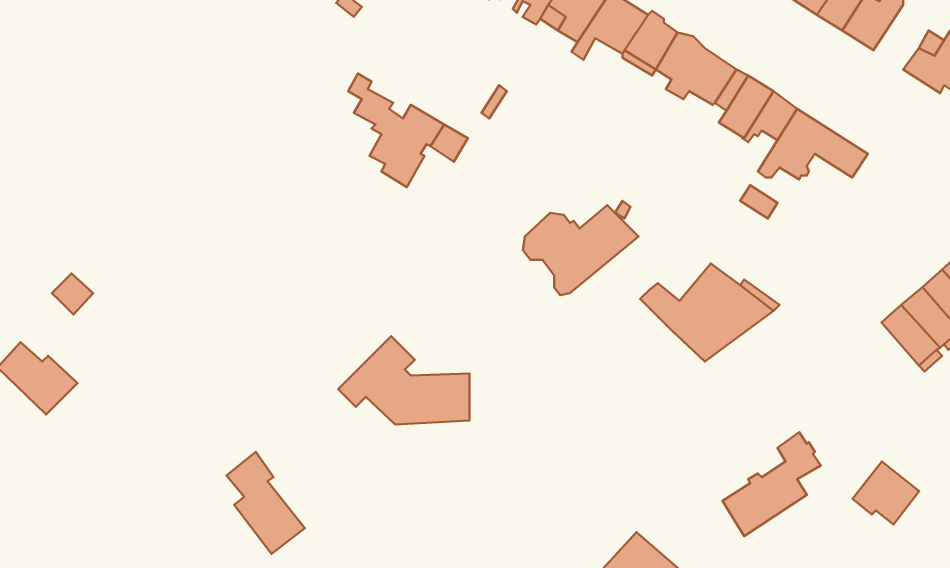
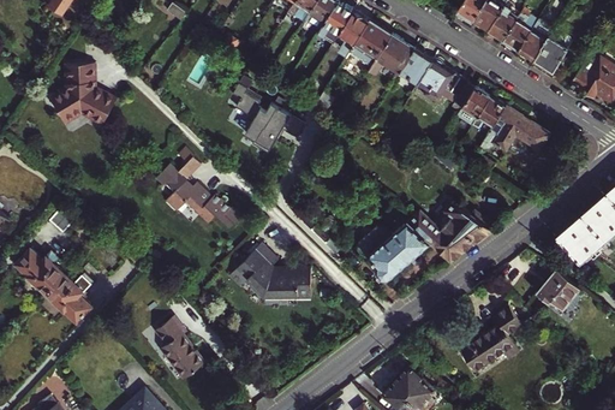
building: none -> [56,64,121,129]
building: none -> [167,154,231,227]
building: [523,205,638,295] -> [358,224,429,279]
building: none -> [46,275,91,323]
building: [852,462,919,524] -> [535,267,575,305]

